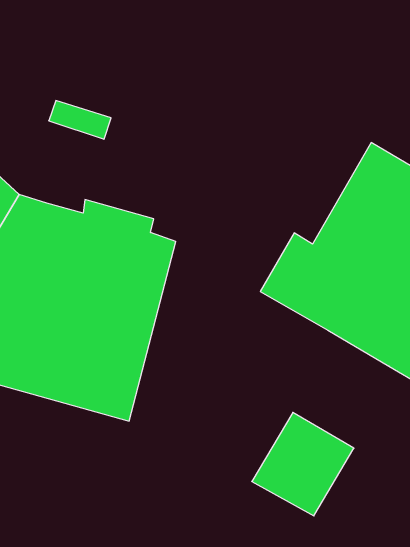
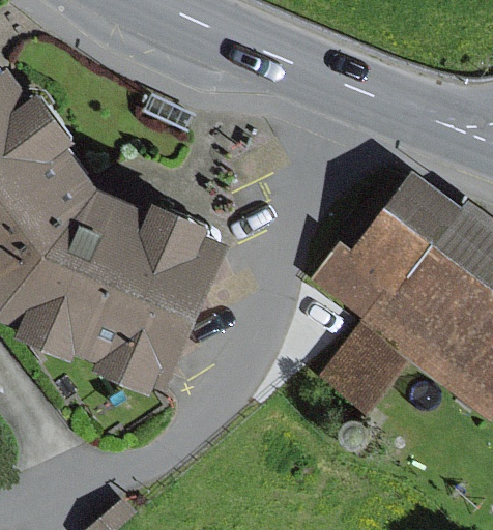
building: [252,412,354,516] -> [309,334,400,425]

